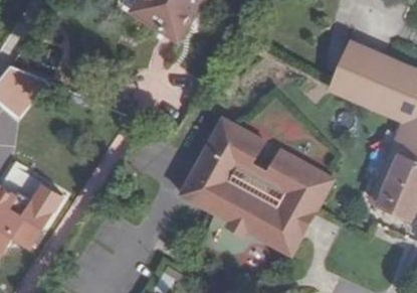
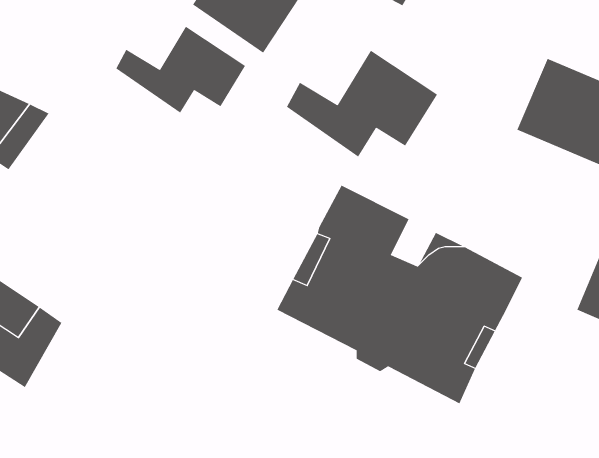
building: none -> [115,26,246,114]
building: none -> [286,50,438,157]

